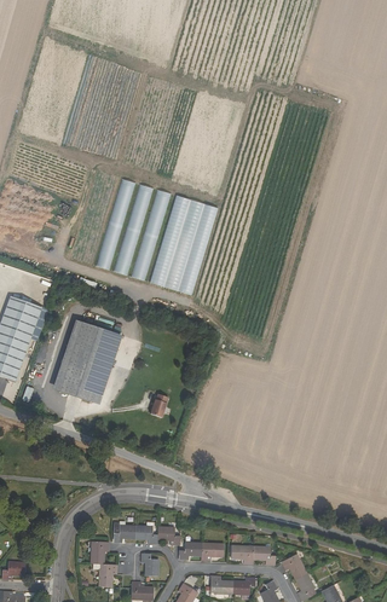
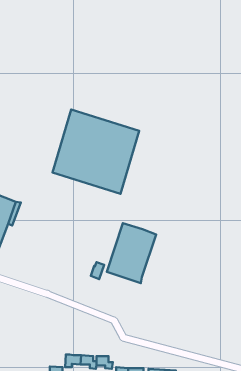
building: [51,319,121,404] -> [107,223,156,283]

